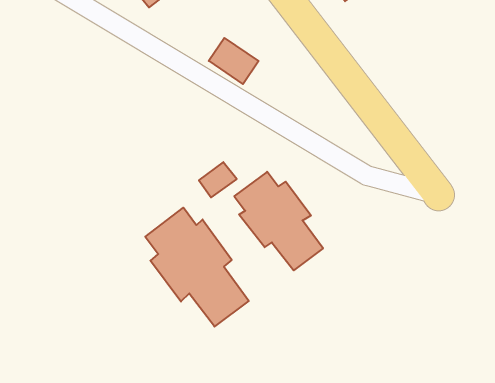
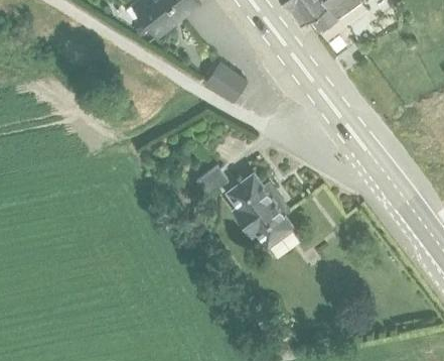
building: [145,208,249,327] -> none

